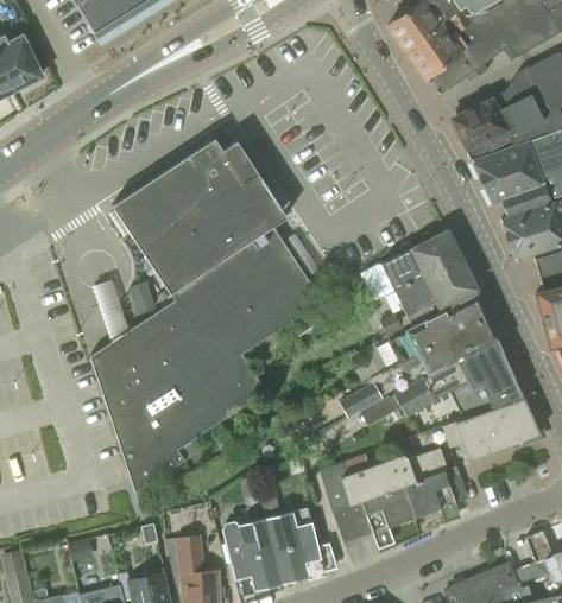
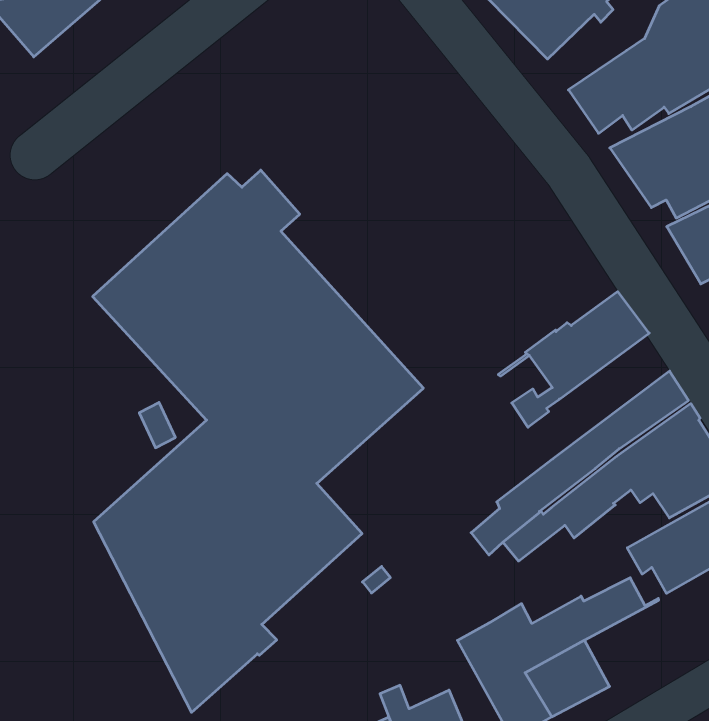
building: [361,230,462,300] -> none
building: [389,294,488,362] -> none
building: [404,466,469,519] -> none

